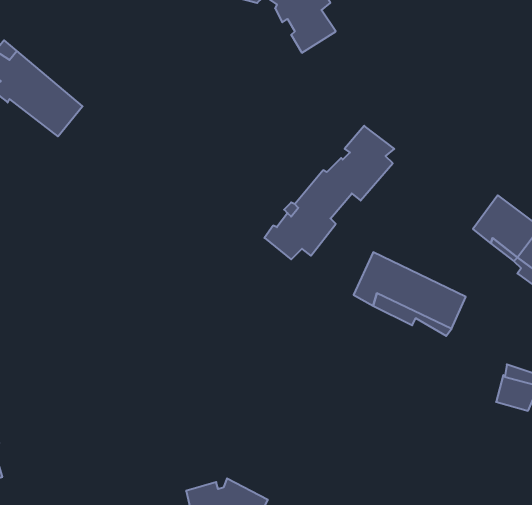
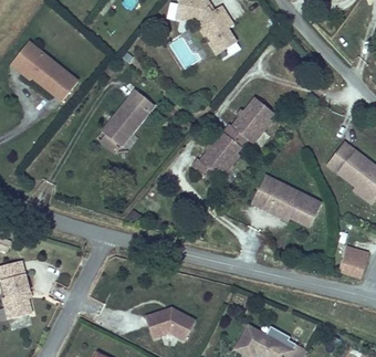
building: none -> [101,86,153,141]

